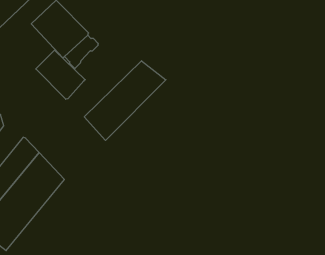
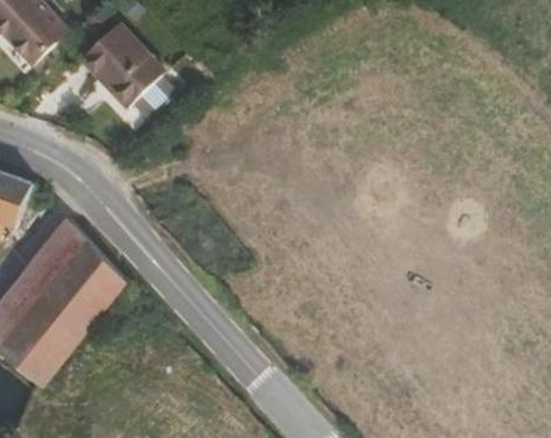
building: [36,50,85,99] -> none
building: [84,61,166,140] -> none

